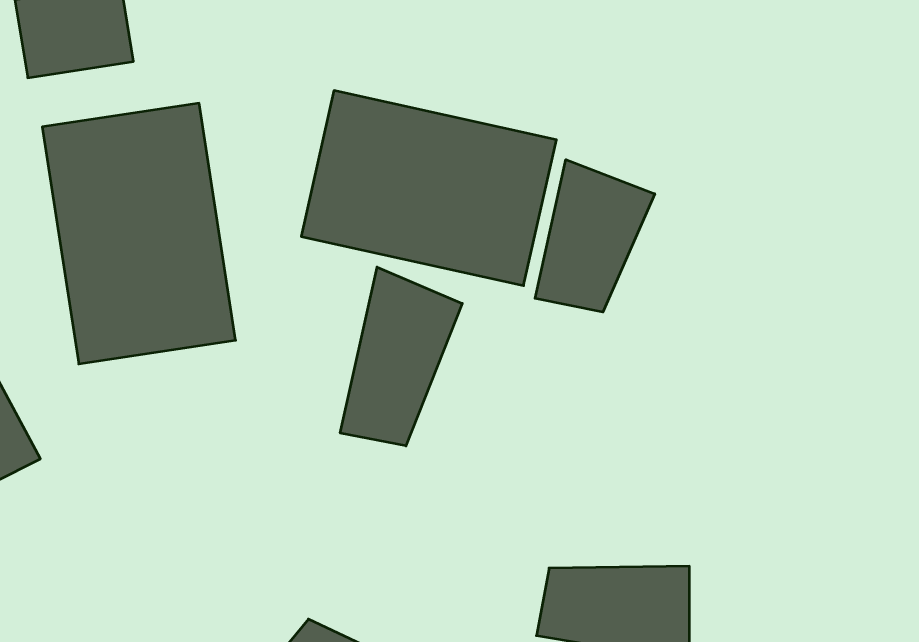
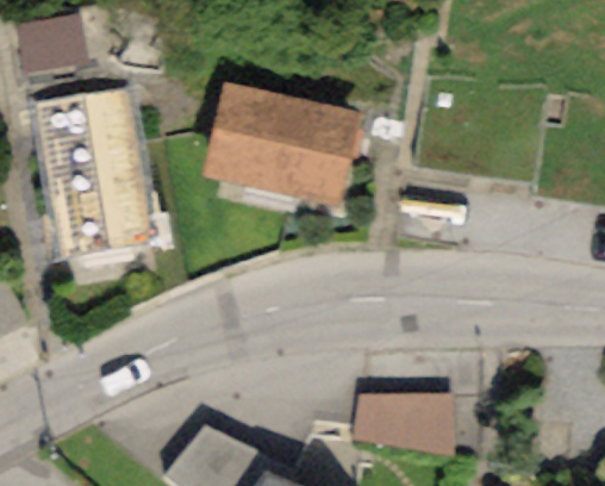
building: [535,160,655,312] -> none
building: [340,267,462,446] -> none

